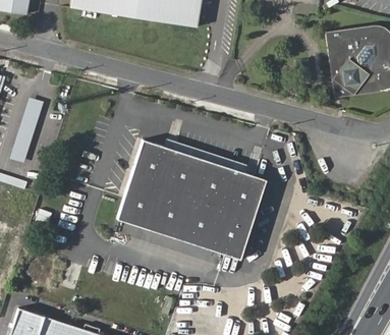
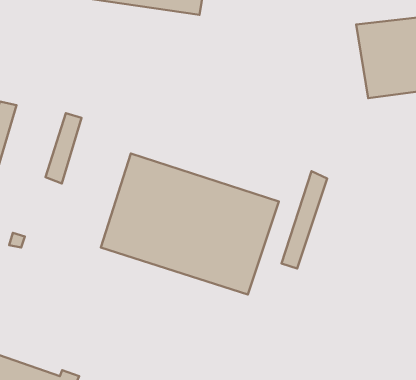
building: none -> [46,113,81,183]
building: none -> [281,171,327,268]

